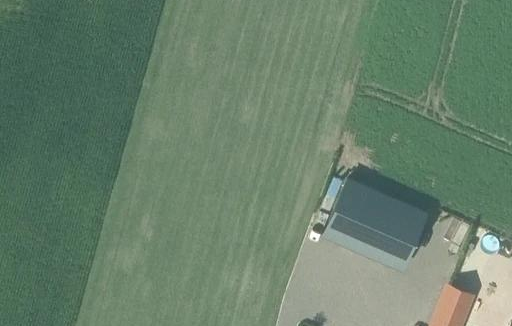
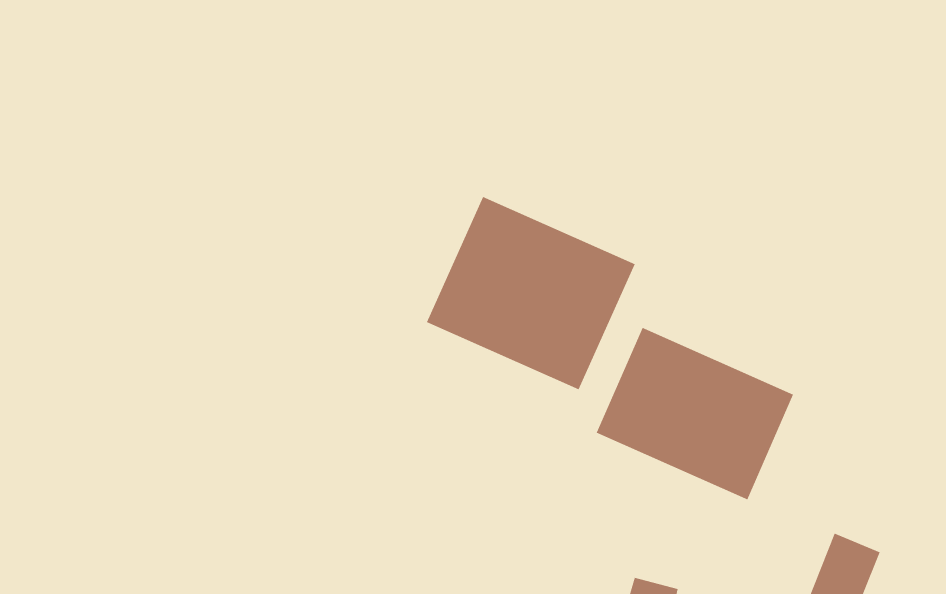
building: none -> [426,196,636,390]

